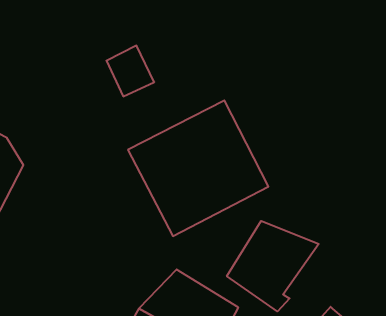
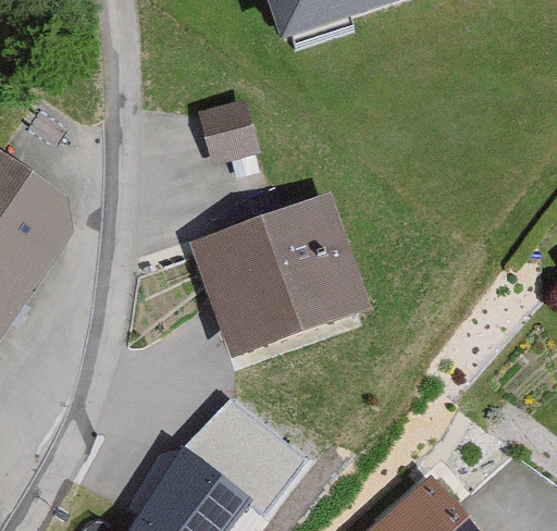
building: [227,221,319,311] -> none

